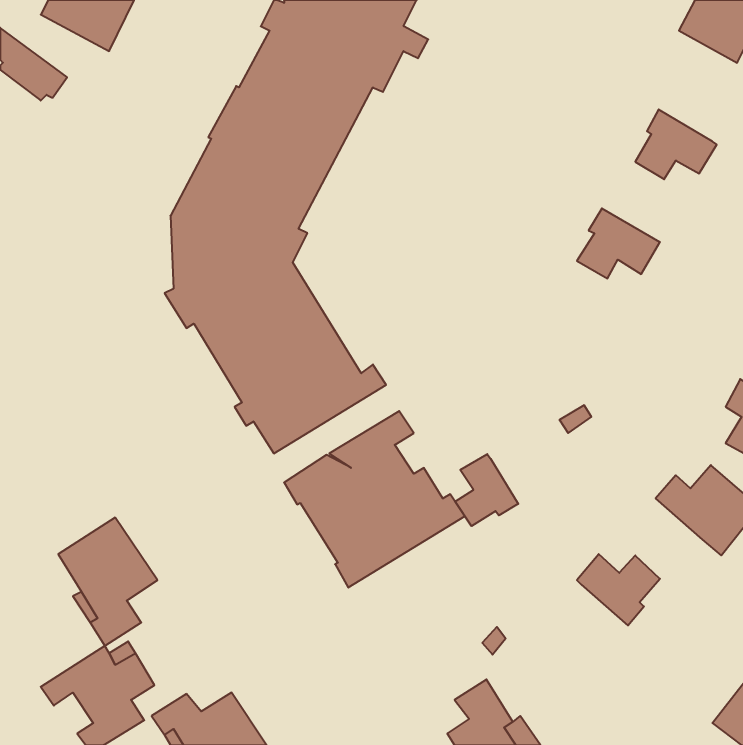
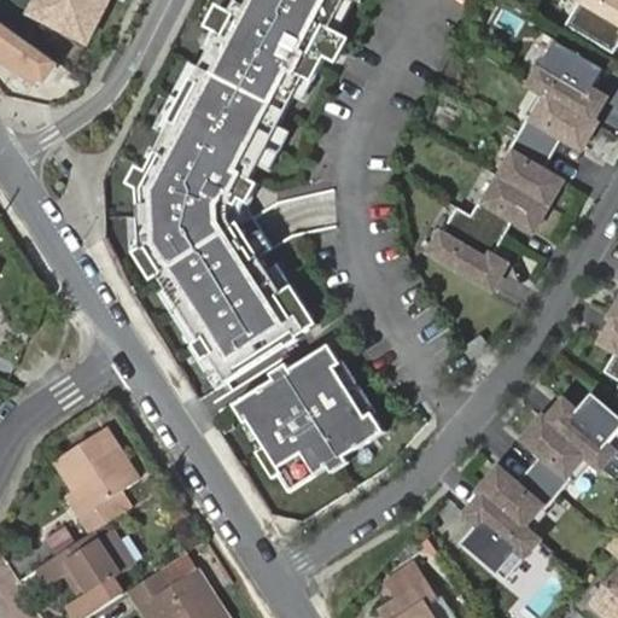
building: none -> [530,36,605,117]
building: none -> [500,134,561,200]
building: none -> [428,202,506,284]
building: [455,454,518,526] -> none
building: none -> [523,410,583,479]
building: none -> [461,484,536,570]

